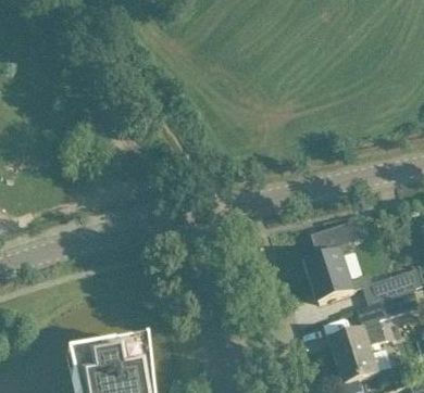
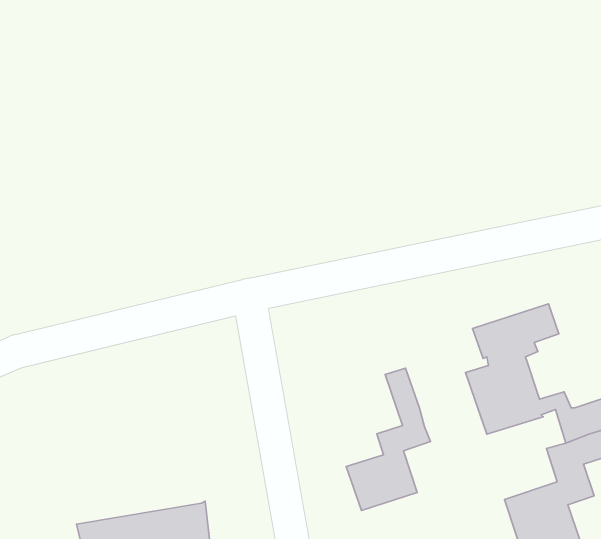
building: none -> [346,368,430,511]

